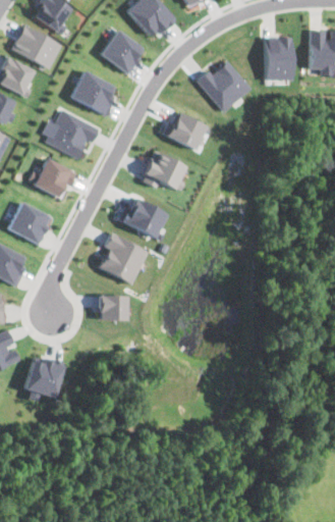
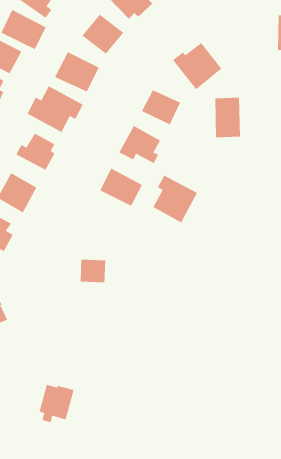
building: [265,37,293,81] -> [214,97,241,138]
building: [99,232,148,284] -> [152,175,198,223]
building: [24,359,63,401] -> [39,384,75,423]

